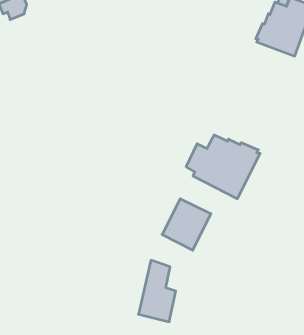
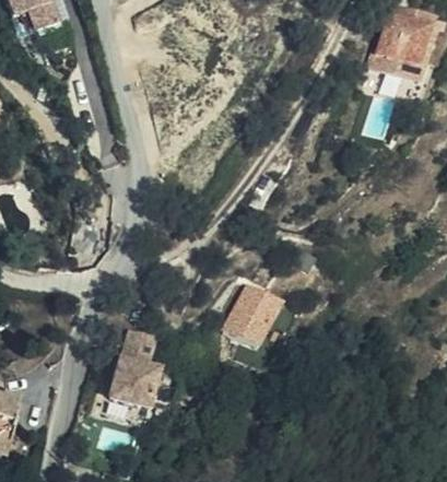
building: [186,135,260,199] -> none
building: [138,260,176,322] -> [105,322,154,403]

